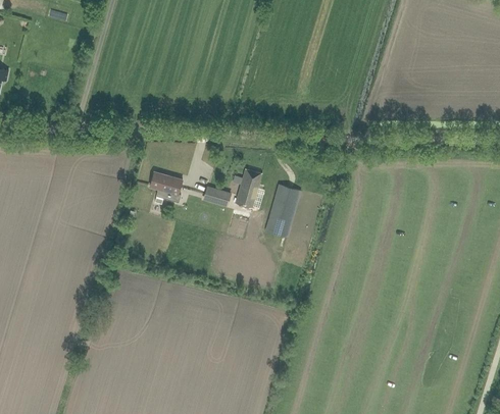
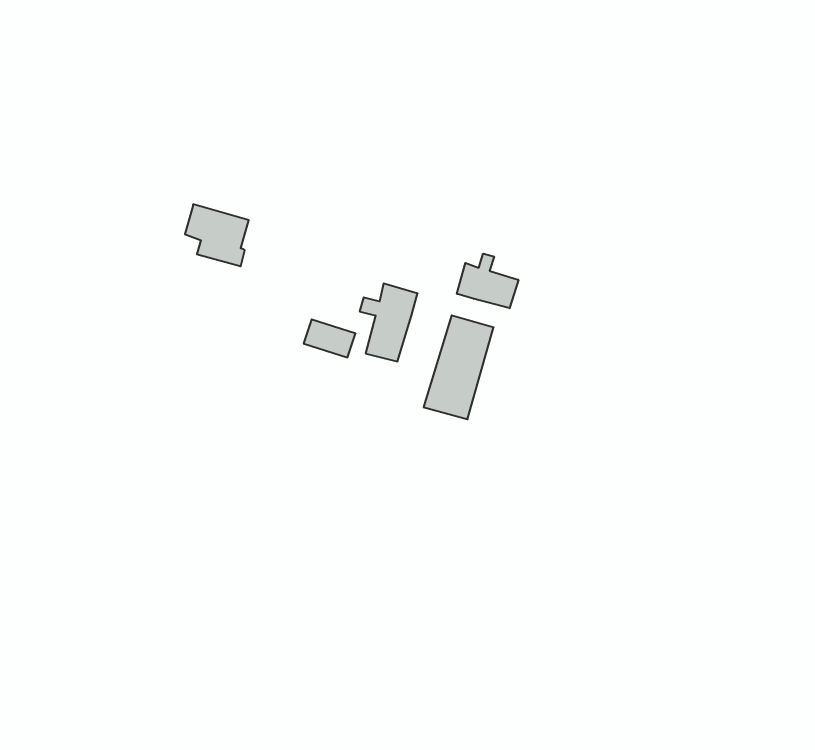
building: none -> [457,254,518,308]
building: [149,171,182,203] -> [185,204,249,266]

